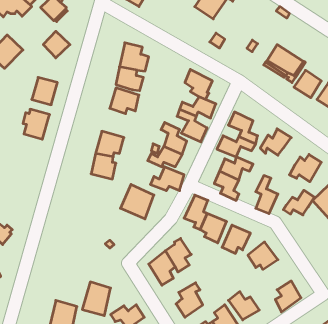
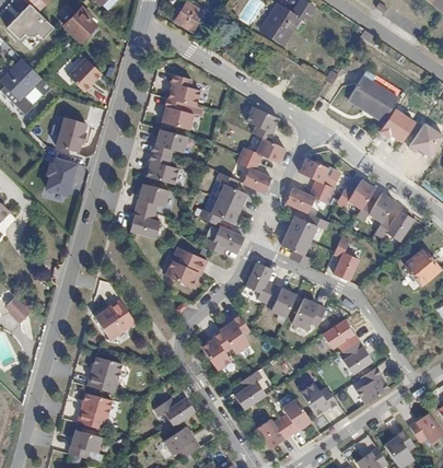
building: none -> [144,153,179,186]
building: [283,190,314,215] -> [357,192,395,223]
building: none -> [94,300,138,342]
building: none -> [341,340,373,374]
building: [82,282,111,316] -> [85,352,120,394]

